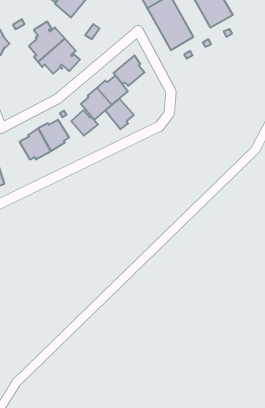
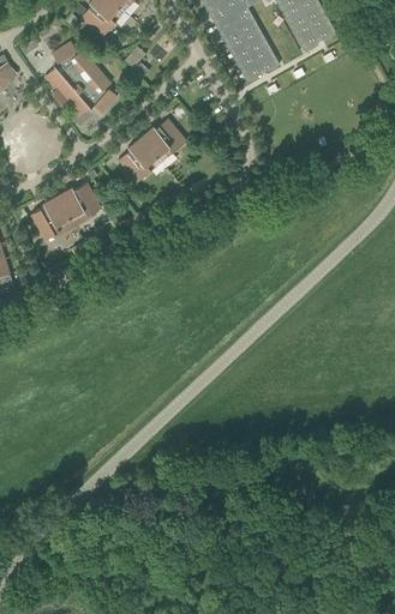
building: [113,55,145,86] -> none
building: [105,99,134,129] -> none
building: [71,110,98,136] -> none

